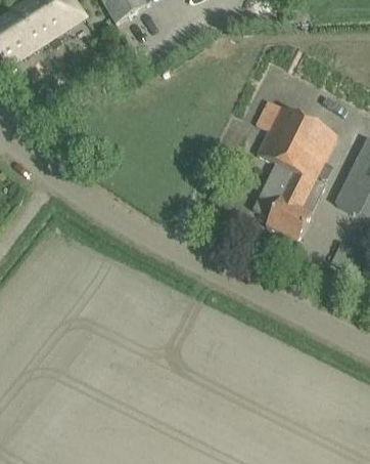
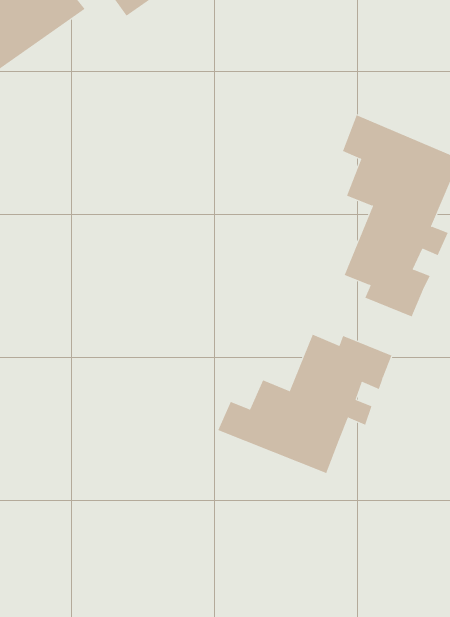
building: none -> [218,334,392,474]

